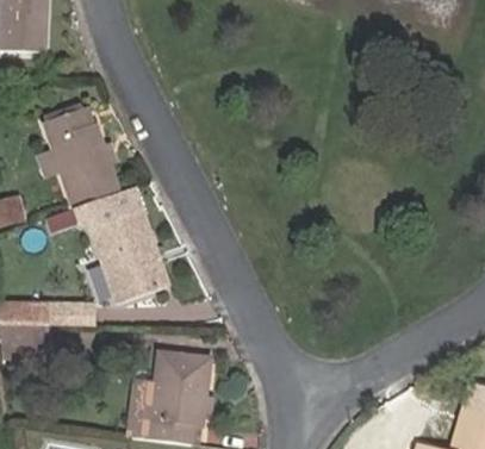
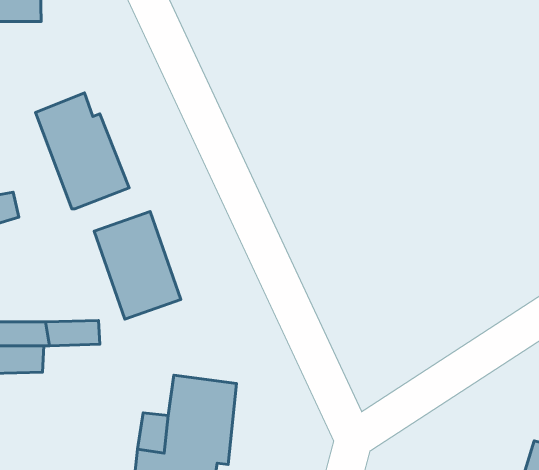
building: [73,187,137,227] -> none

